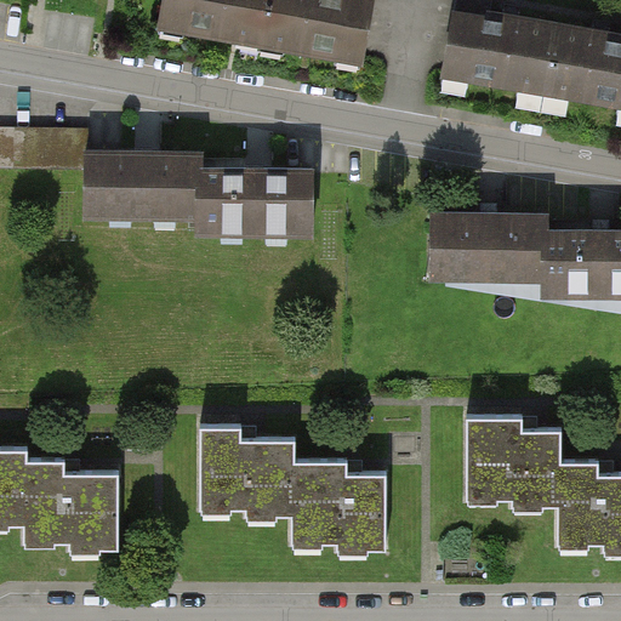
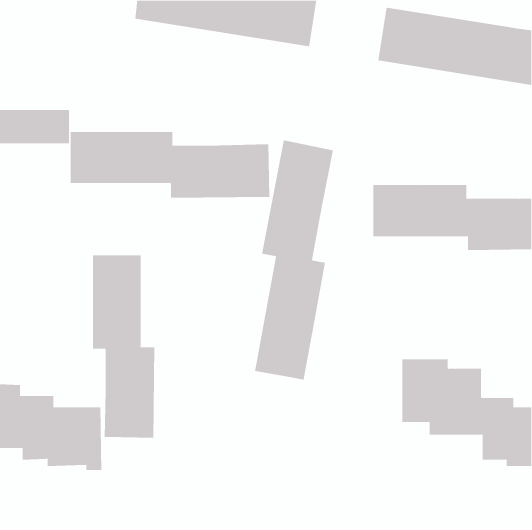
building: none -> [254,140,334,380]
building: none -> [92,254,155,438]
building: [200,432,387,551] -> none

